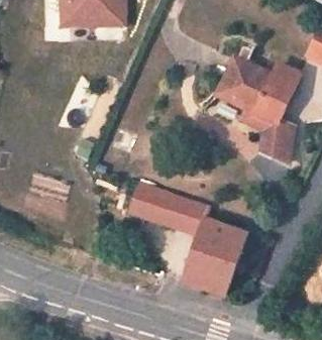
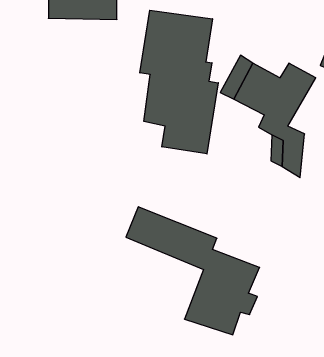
building: none -> [140,10,218,154]

